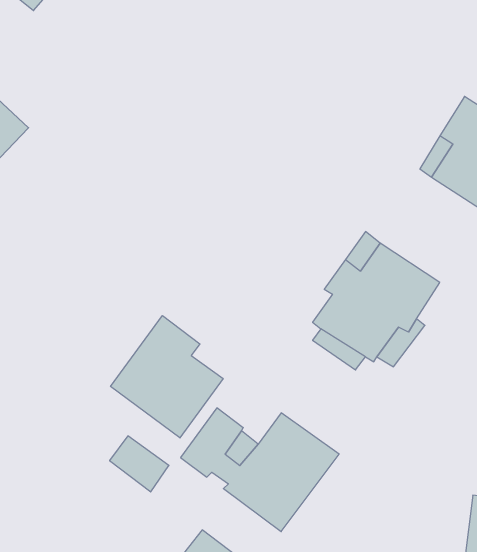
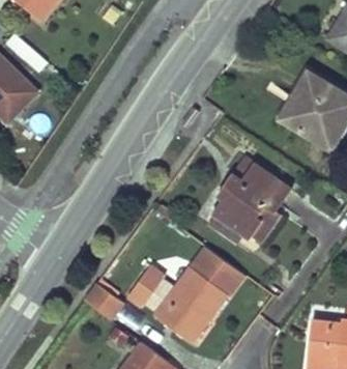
building: [111,316,223,438] -> none
building: none -> [194,248,247,296]

